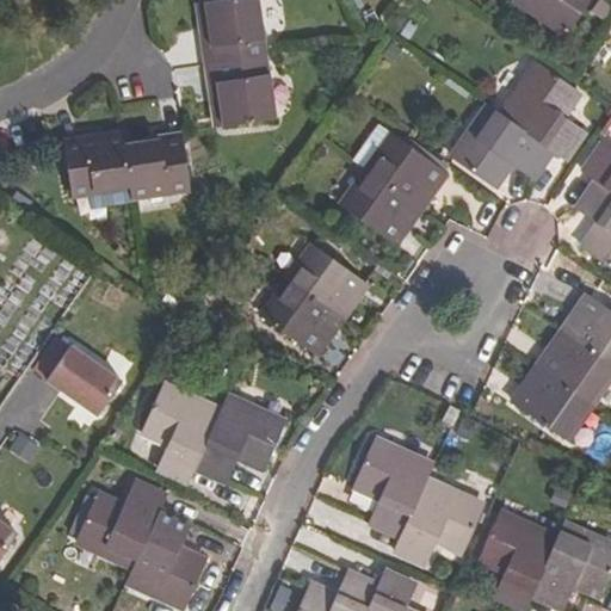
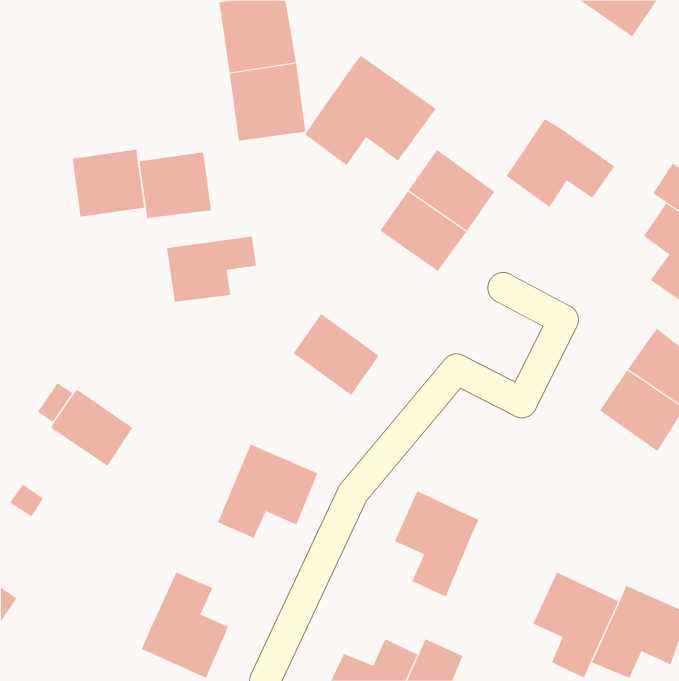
building: none -> [304,55,436,166]
building: [504,64,584,158] -> none
building: none -> [166,236,257,303]
building: [289,245,366,319] -> none
building: [512,368,591,440] -> none
building: [142,387,220,481] -> none
building: [395,479,483,563] -> none
building: [76,482,166,567] -> none

